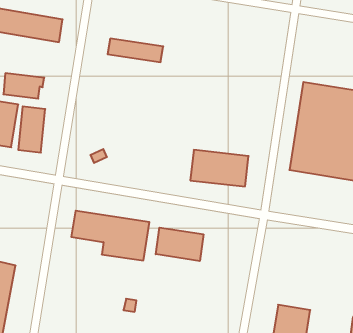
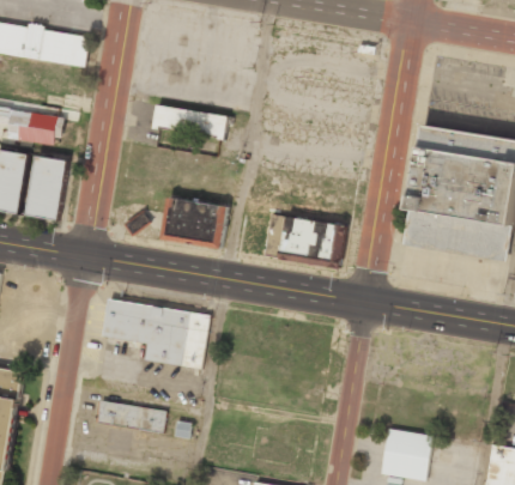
building: [108,39,163,62] -> [152,105,229,138]
building: none -> [158,196,225,249]
building: [156,228,203,261] -> none
building: none -> [97,402,165,431]

